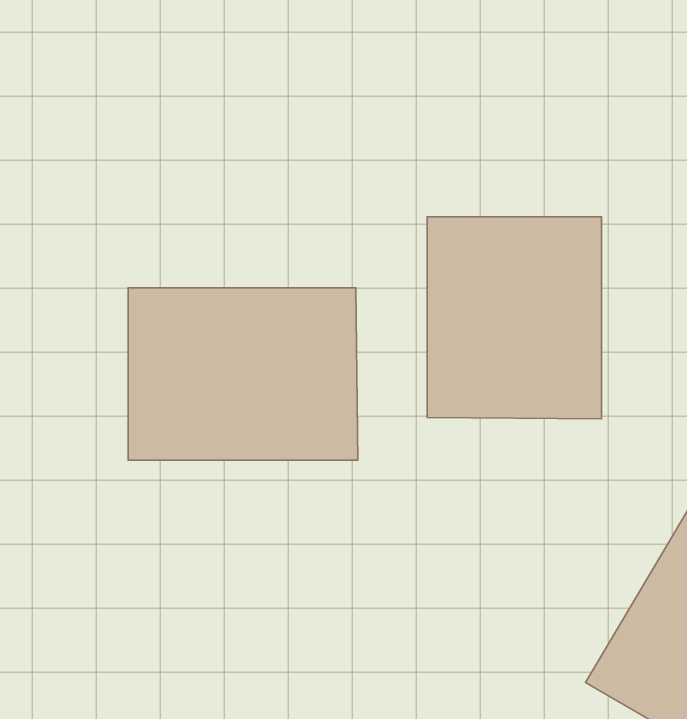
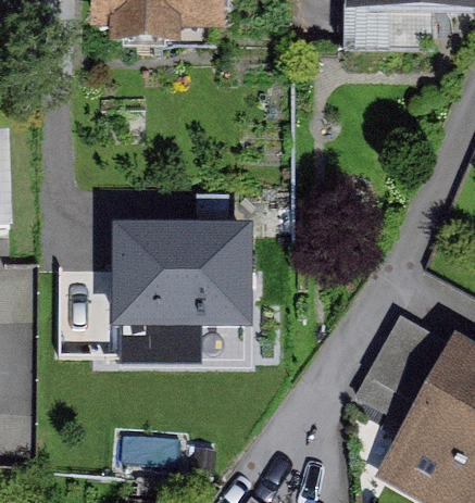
building: [427,217,601,419] -> none

